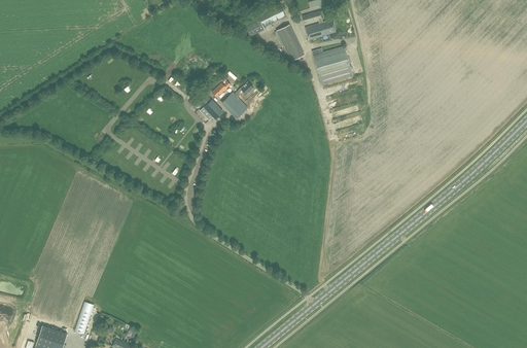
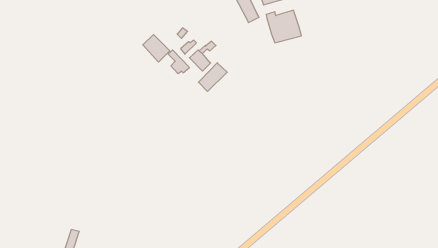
building: none -> [143,35,170,62]
building: none -> [198,63,227,91]

